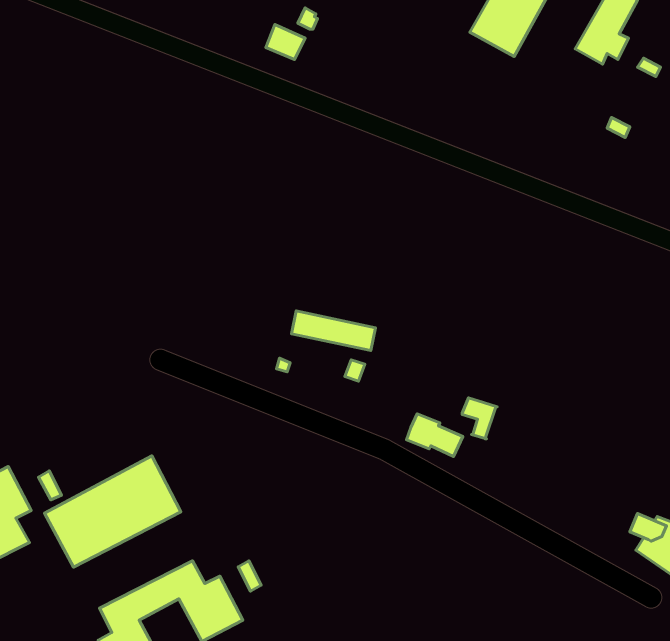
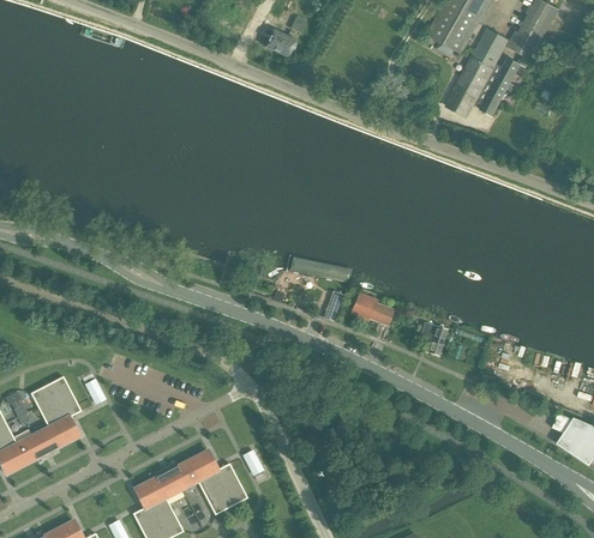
building: none -> [446,29,509,116]
building: none -> [480,59,528,116]
building: [406,414,463,456] -> [350,292,395,326]
building: [44,456,181,567] -> none

